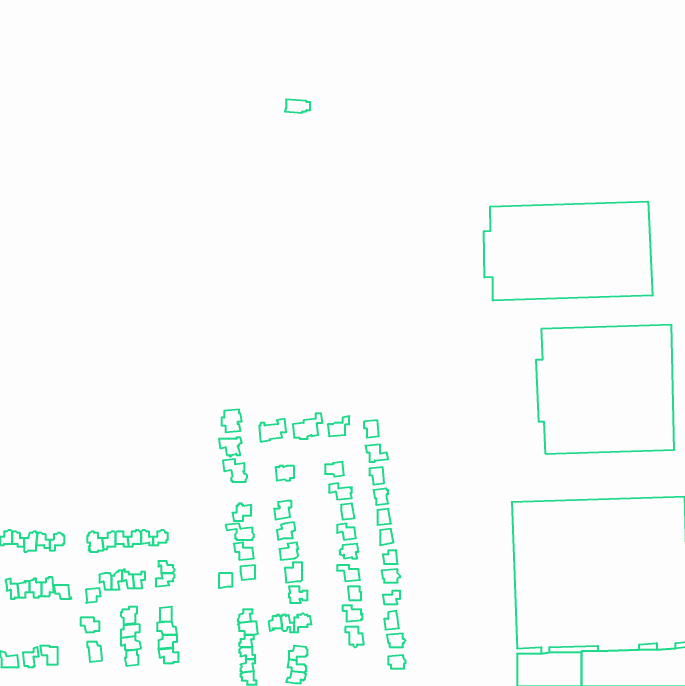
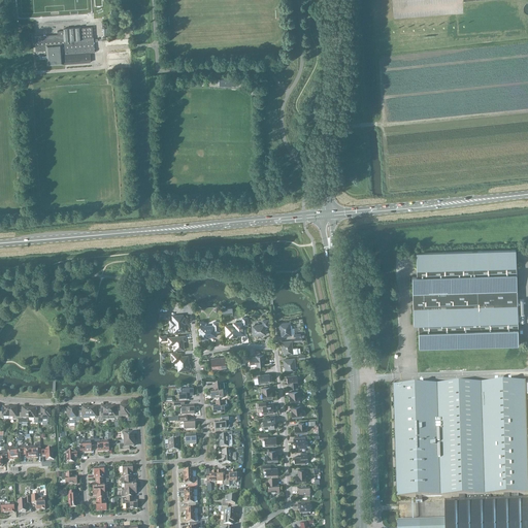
building: none -> [36,28,96,65]
building: [484,202,653,301] -> none

